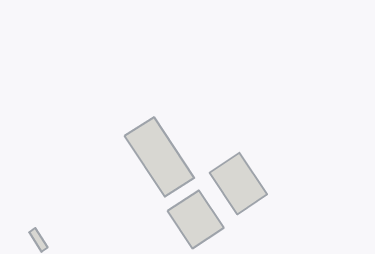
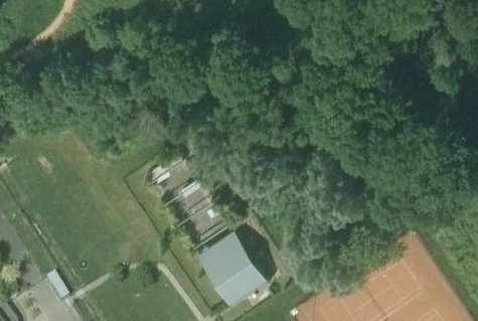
building: [210,153,267,214] -> none

